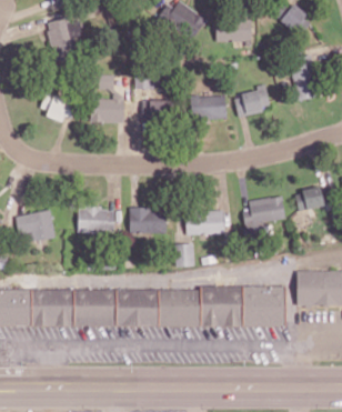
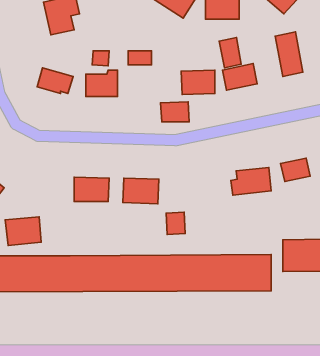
building: none -> [219,38,241,68]
building: [142,100,172,121] -> [161,102,189,122]
building: [187,210,225,235] -> none
building: [17,211,54,241] -> [5,217,41,245]

